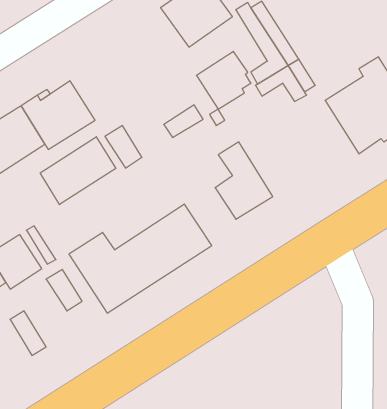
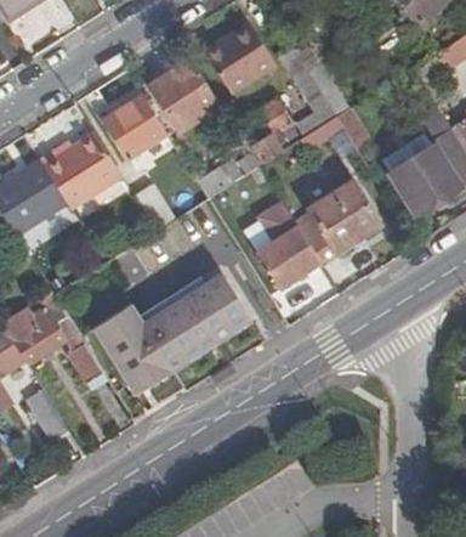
building: none -> [149,60,220,132]
building: none -> [101,91,166,158]
building: none -> [294,181,380,262]
building: [40,137,116,205] -> none

